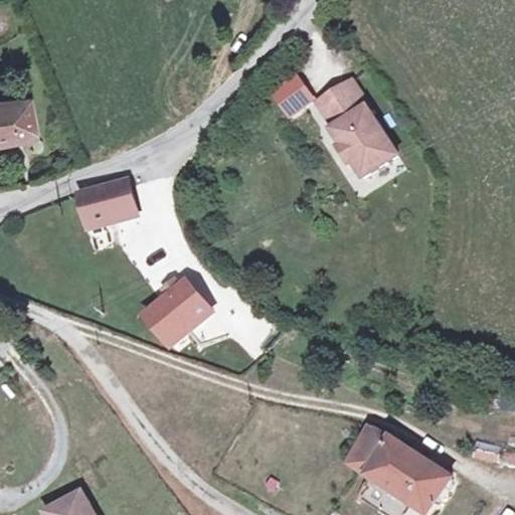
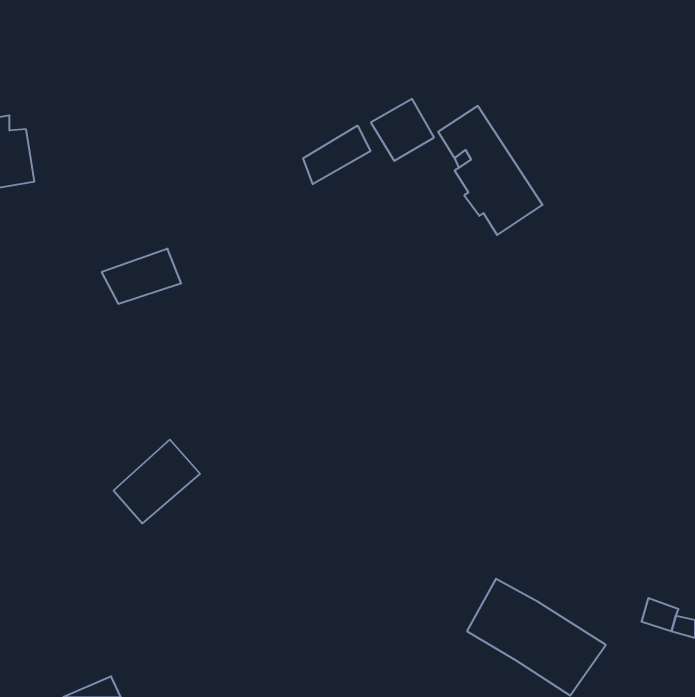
building: none -> [303,126,370,184]
building: [149,288,212,349] -> [114,440,200,523]

